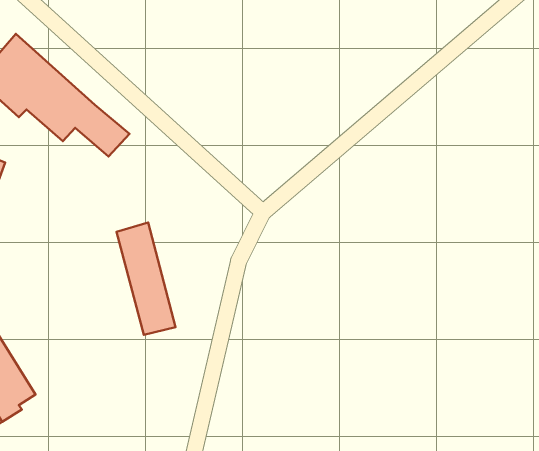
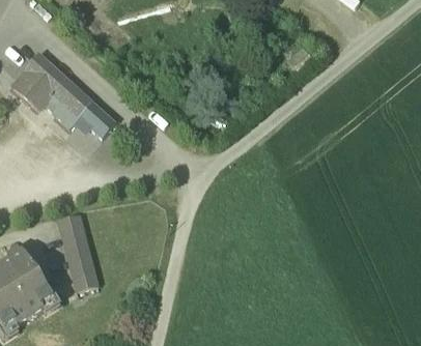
building: [116,223,176,335] -> [57,213,97,290]

